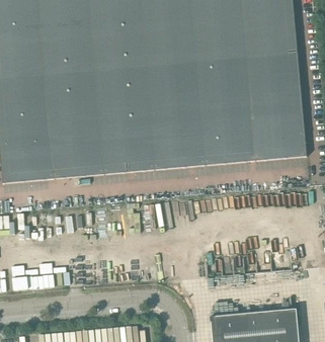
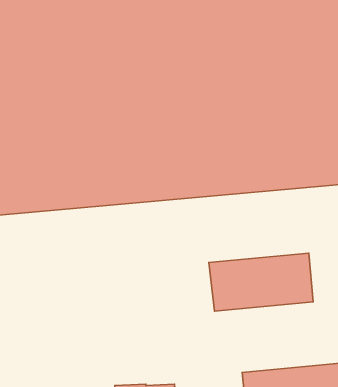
building: none -> [209,253,313,311]

